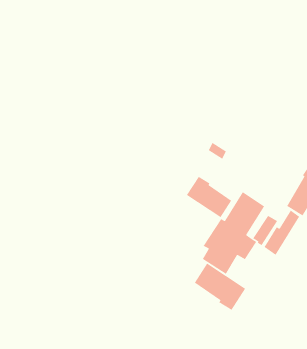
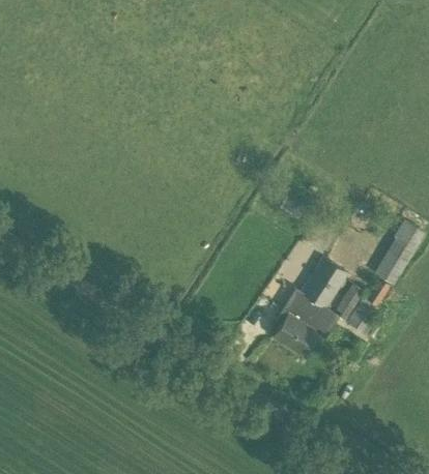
building: [186,176,232,218] -> none
building: [194,263,246,311] -> none

